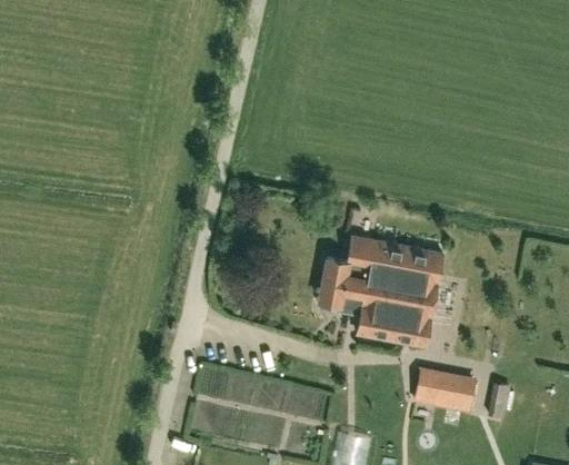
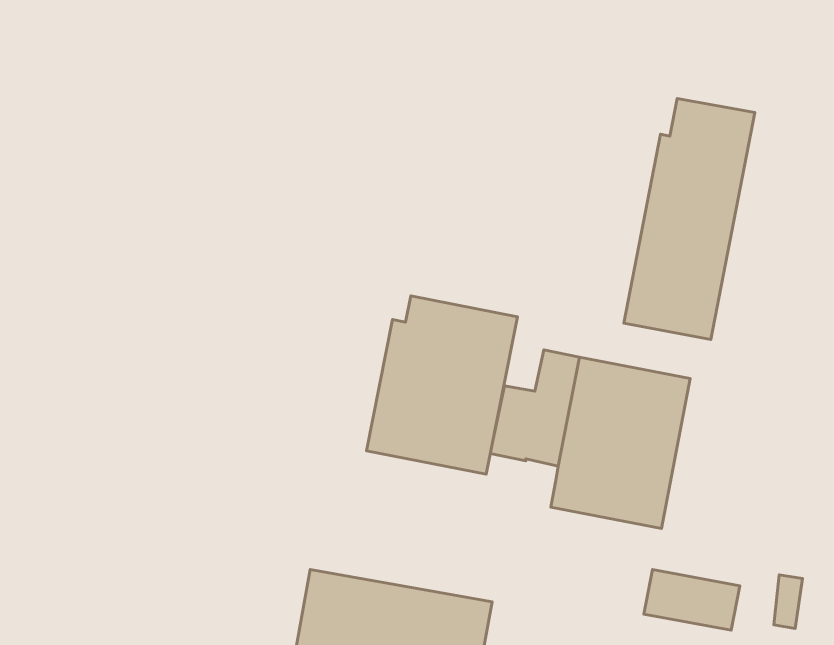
building: none -> [624,98,755,339]
building: none -> [366,296,518,474]

